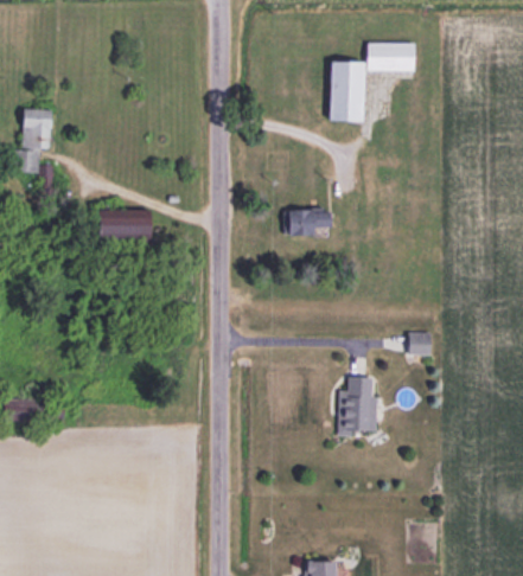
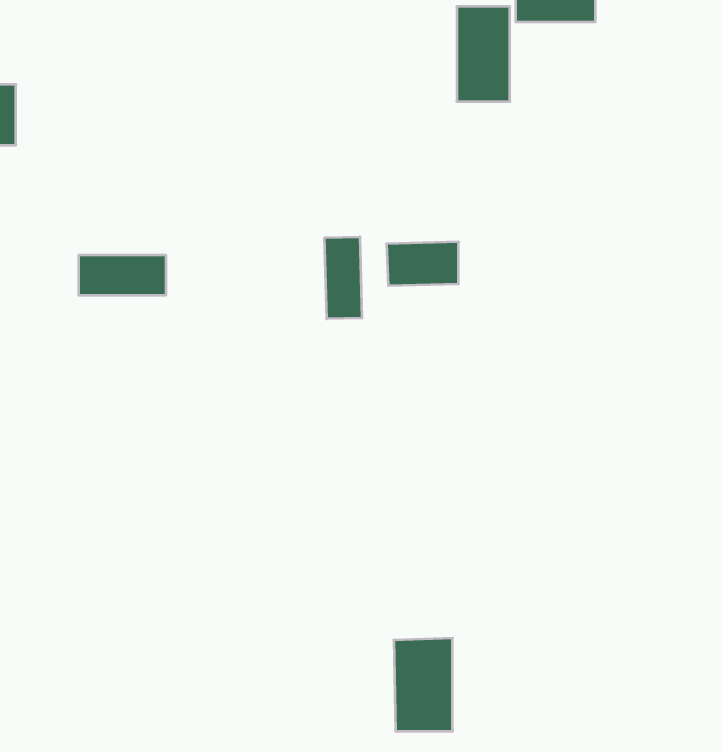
building: none -> [325,237,362,319]
building: [407,331,433,353] -> none
building: [339,375,376,433] -> [394,638,453,731]

